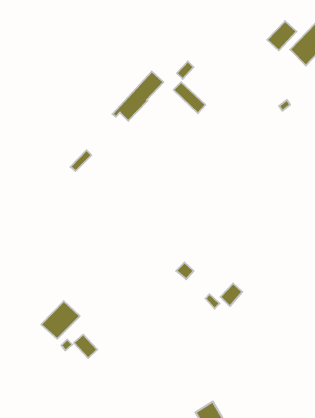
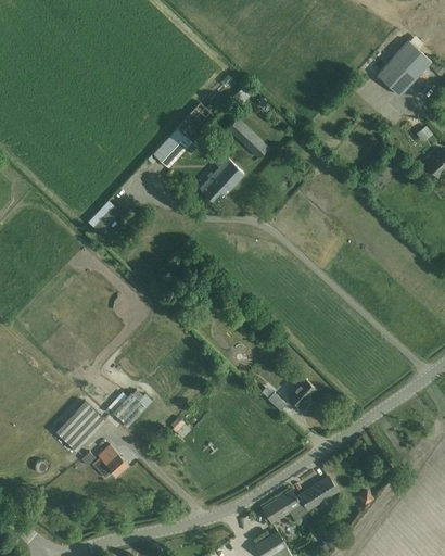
building: [267,21,297,50] -> none
building: none -> [200,151,244,203]
building: none -> [112,392,145,426]
building: none -> [263,477,338,521]

